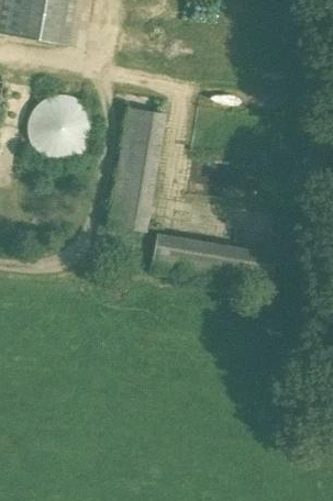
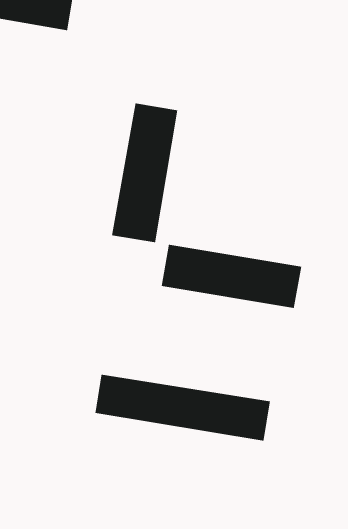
building: [27,94,95,162] -> none
building: none -> [95,374,271,442]

